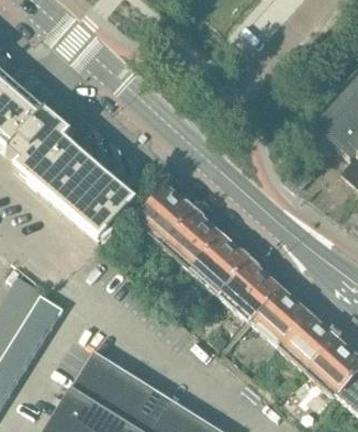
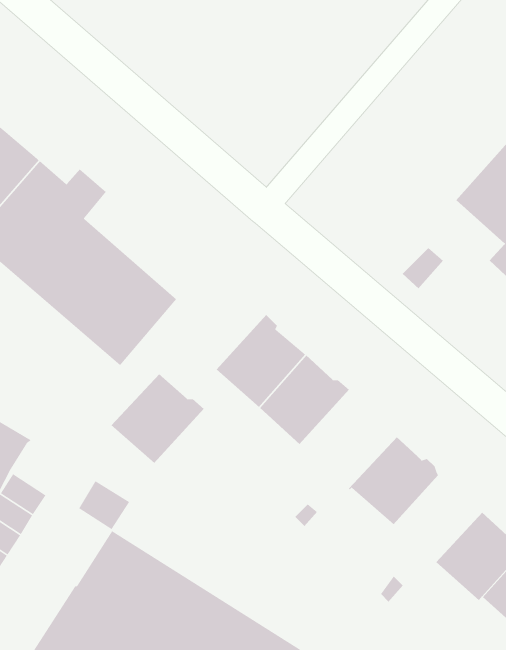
building: [134,185,195,244] -> [111,373,204,464]
building: [217,257,281,322] -> none
building: [30,293,64,326] -> [78,480,130,530]
building: [279,313,337,370] -> none

